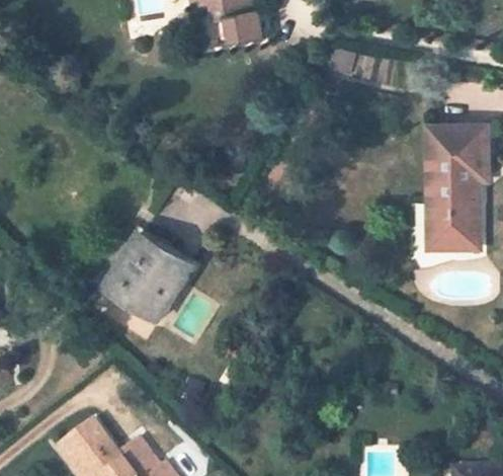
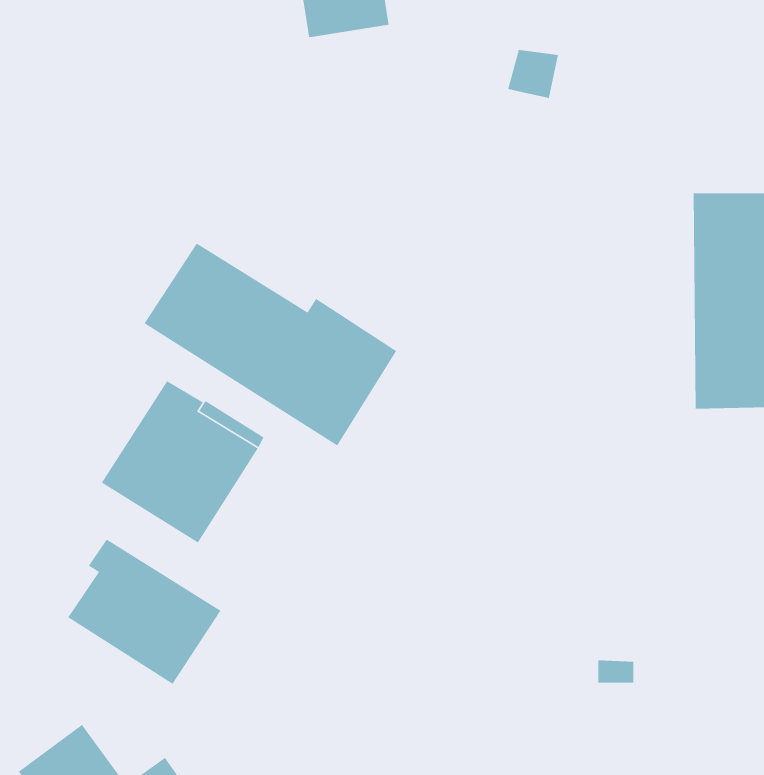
building: none -> [144,243,397,447]
building: none -> [67,538,221,685]

